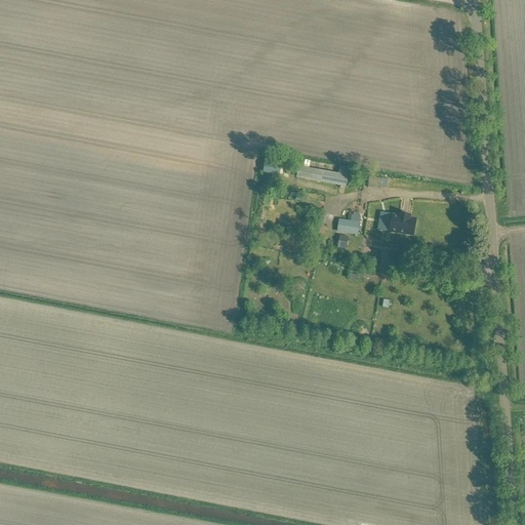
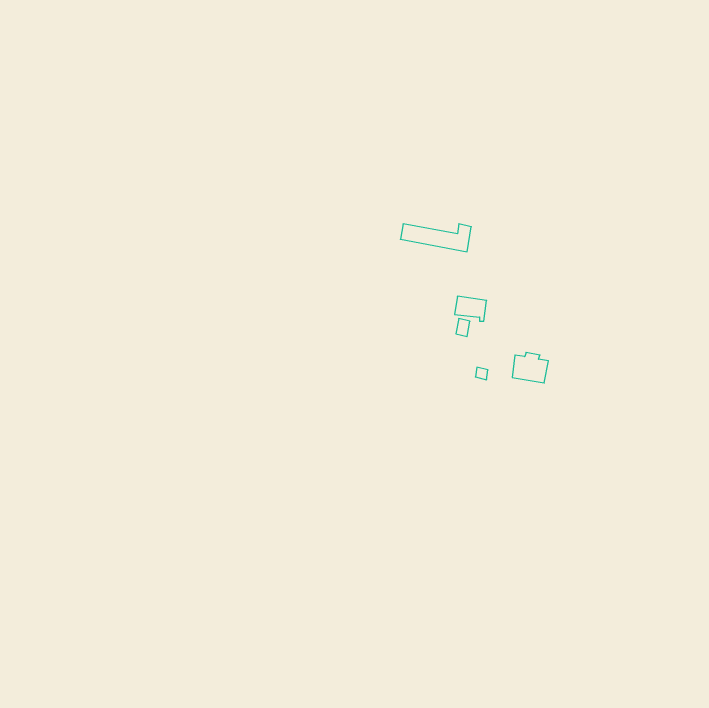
building: [389,212,415,235] -> [512,352,548,383]

